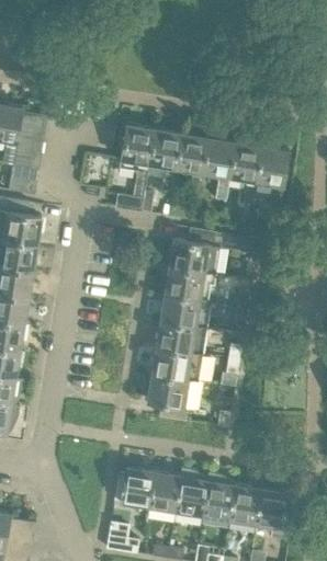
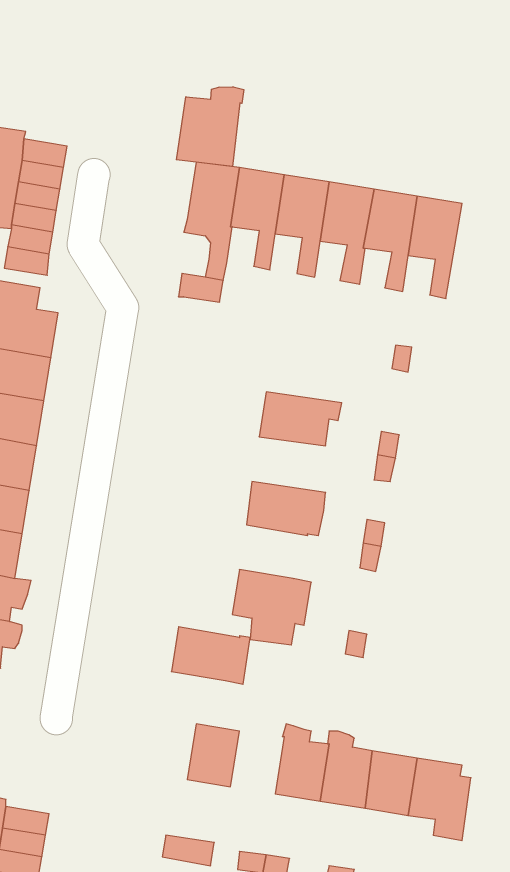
building: none -> [176,87,244,166]
building: [169,227,218,272] -> none
building: [160,293,210,327] -> none
building: [153,346,201,381] -> [171,627,250,684]
building: [147,472,180,511] -> none

